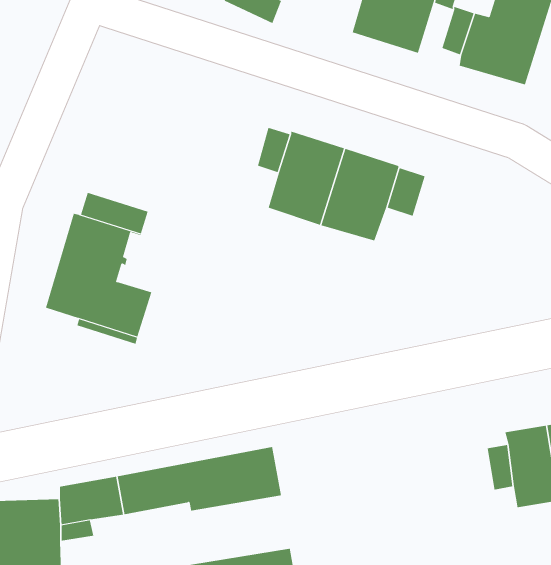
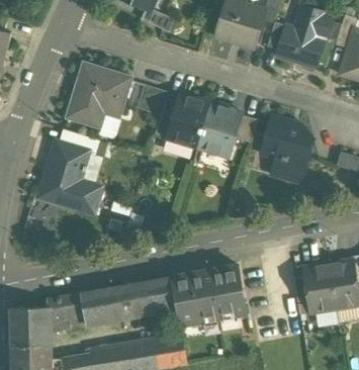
building: none -> [67,63,131,128]
building: none -> [138,85,168,114]
building: none -> [262,116,313,183]
building: none -> [171,265,246,325]

